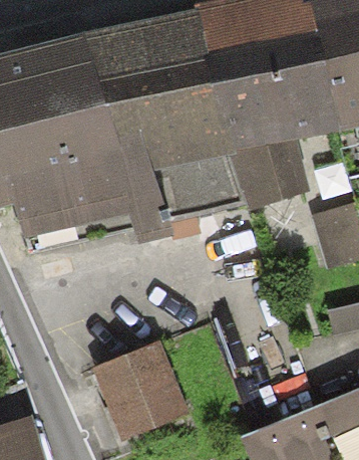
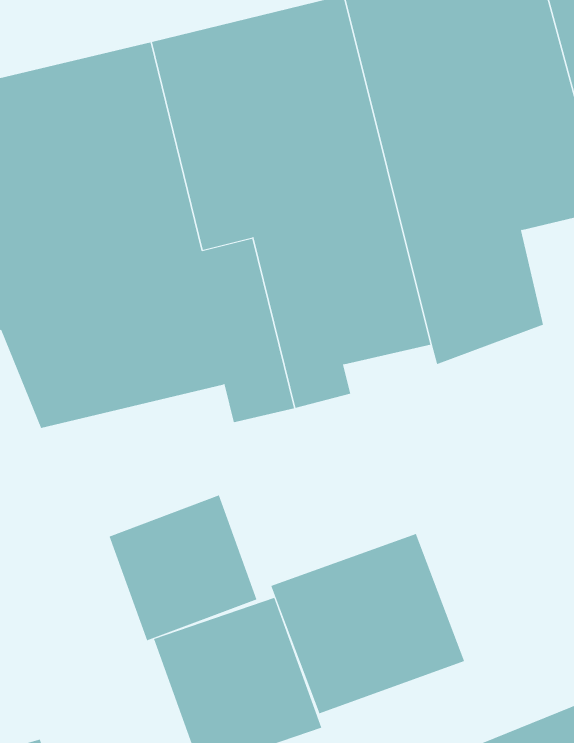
building: none -> [109,494,257,641]
building: none -> [270,533,465,714]

